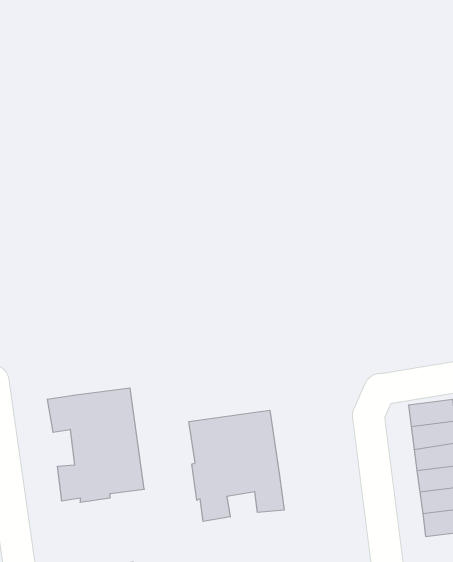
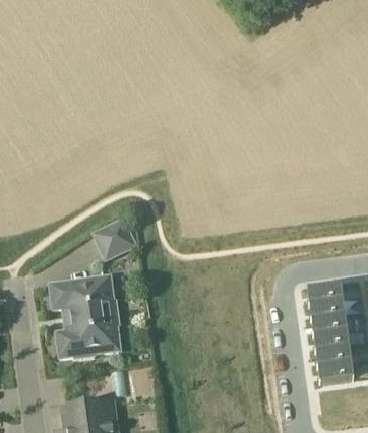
building: none -> [96,221,135,258]
building: [189,410,284,521] -> none

